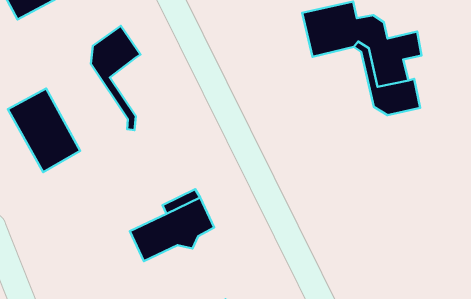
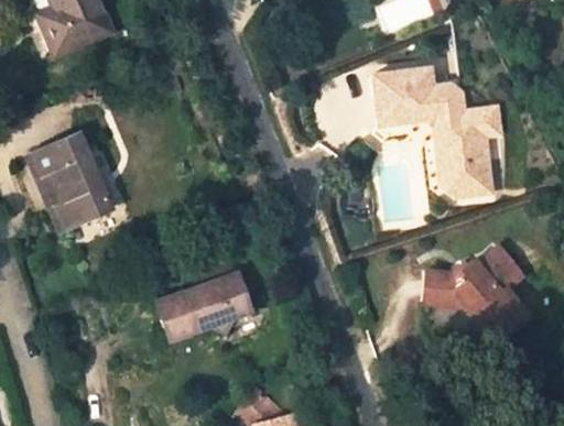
building: [91,26,141,130] -> none
building: none -> [423,250,530,343]

